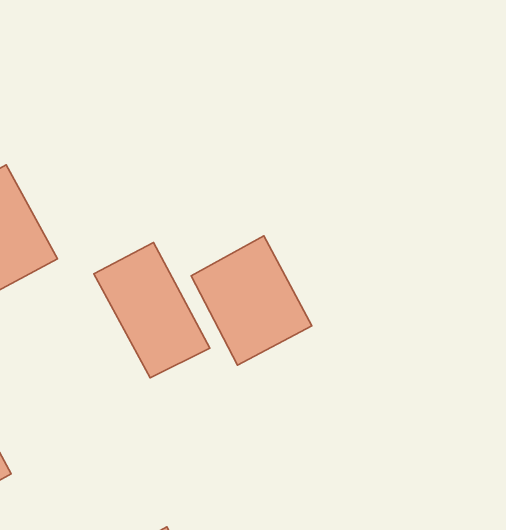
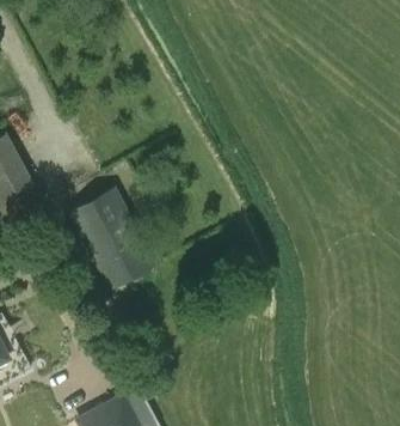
building: [191,236,312,365] -> none

